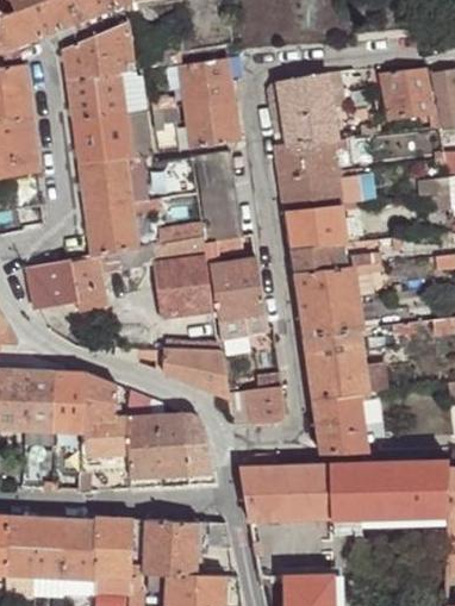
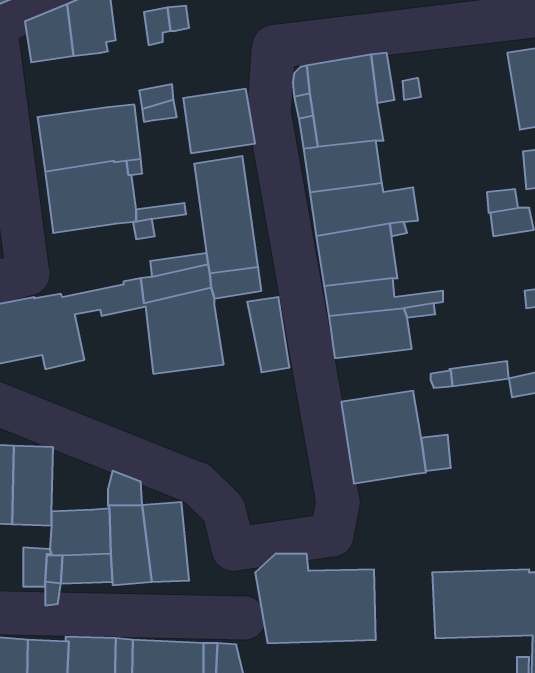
building: [177,58,231,107] -> none
building: [378,68,431,121] -> none
building: [68,73,125,121] -> none
building: [85,202,138,258] -> none
building: [208,262,247,341] -> none
building: [299,298,362,338] -> none
building: [113,348,229,399] -> none
building: [83,373,117,421] -> none
building: [248,387,285,424] -> none
building: [313,393,368,454] -> none
building: [182,414,214,474] -> none
building: [329,464,375,519] -> none

